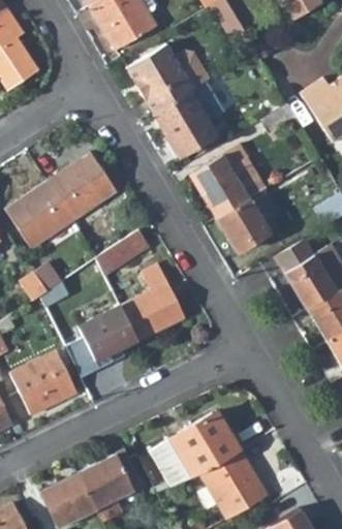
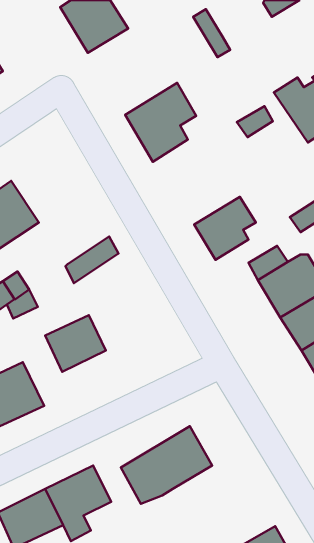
building: [129,45,211,112] -> none
building: [197,145,273,218] -> none
building: [44,148,115,216] -> none
building: [120,266,183,340] -> none
building: [201,452,267,519] -> none

